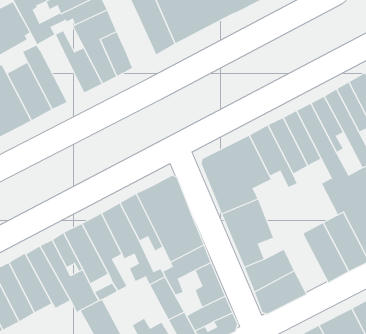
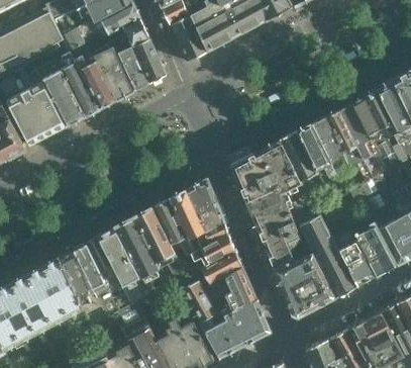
building: none -> [75,55,117,109]
building: none -> [296,206,357,298]

